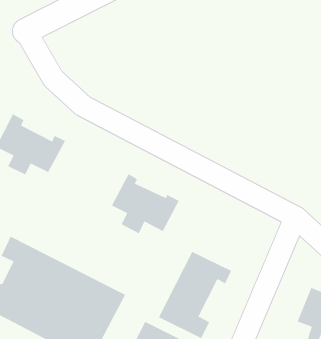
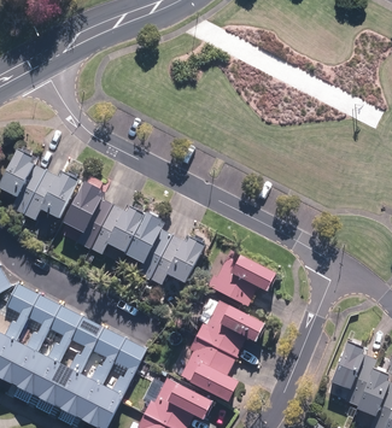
building: none -> [68,184,145,253]
building: none -> [206,251,275,307]

